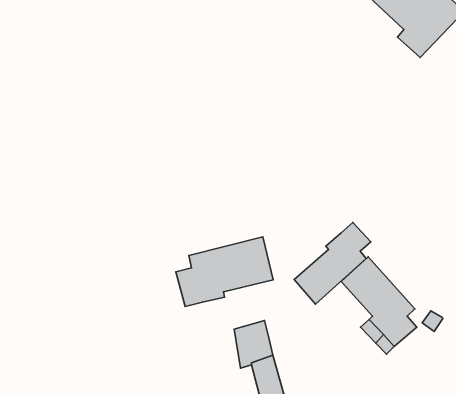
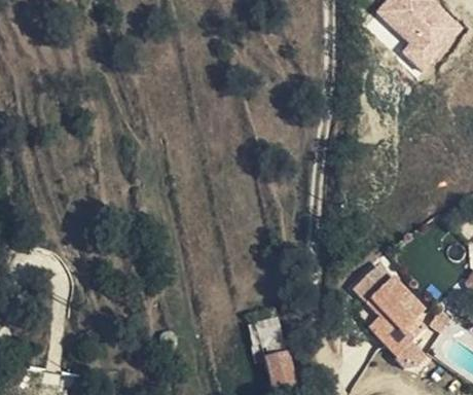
building: [294,223,371,304] -> none
building: [176,237,273,306] -> none

